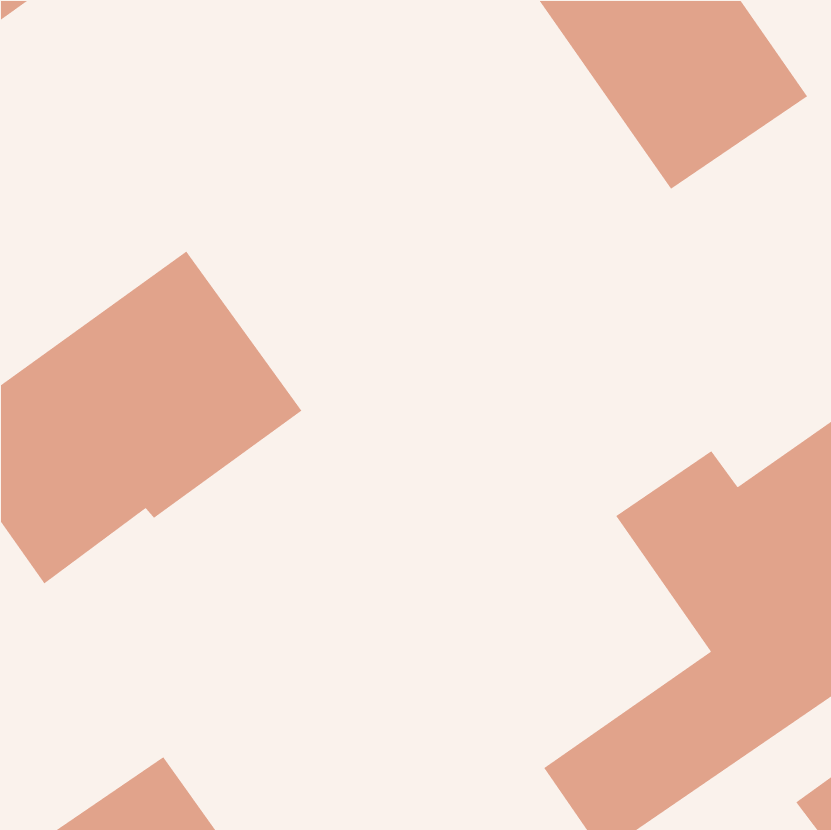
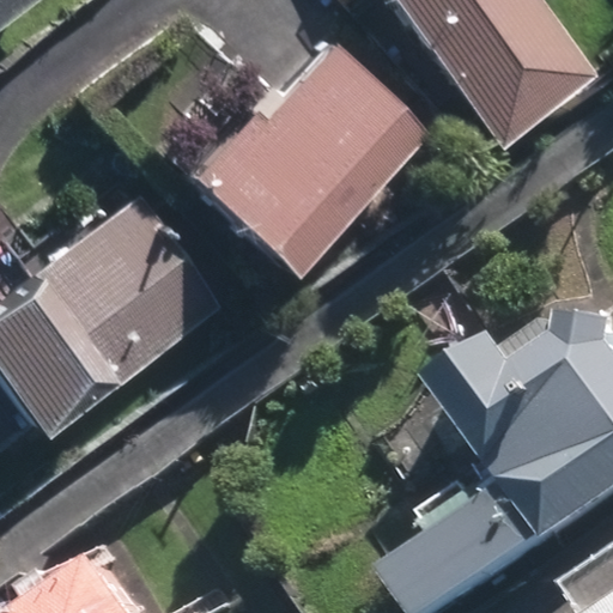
building: none -> [178,37,426,274]

